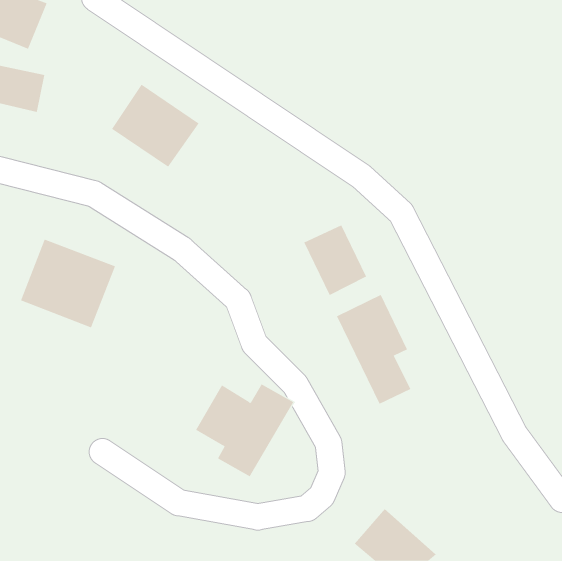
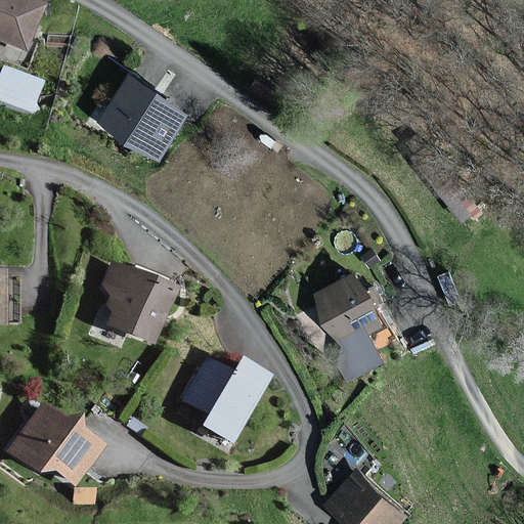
building: [303,224,367,296] -> none
building: [20,239,116,328] -> [89,262,178,345]
building: none -> [5,401,102,487]

